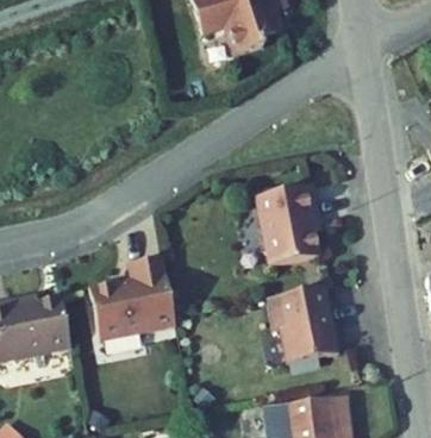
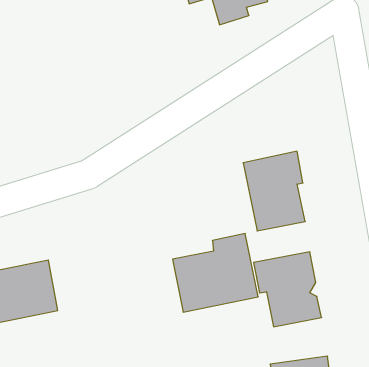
building: [89,261,176,340] -> [173,234,258,312]

